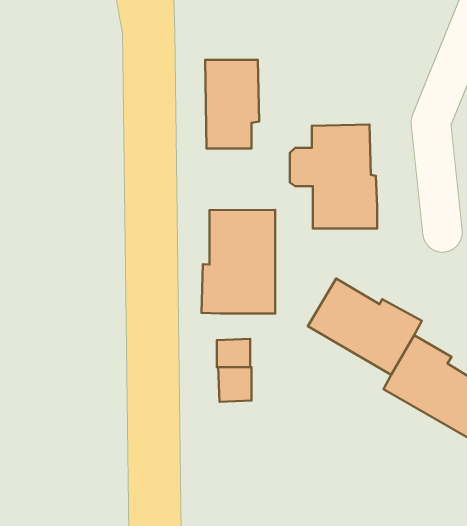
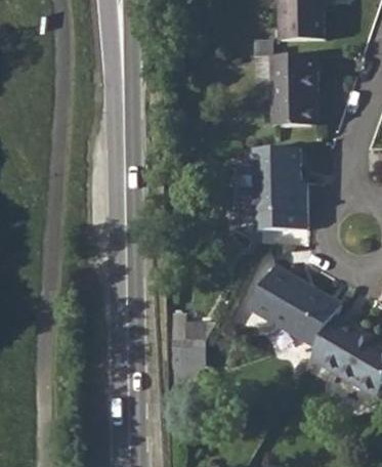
building: [205,60,259,148] -> [271,53,314,124]
building: [201,210,275,314] -> none

